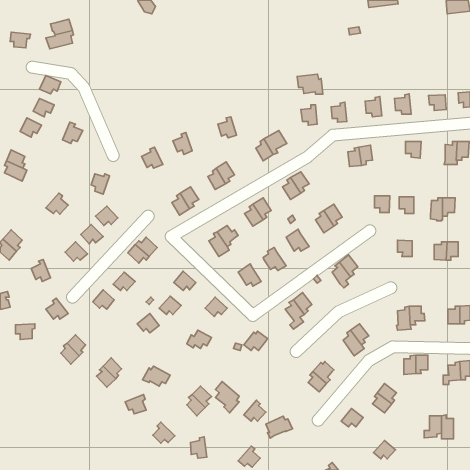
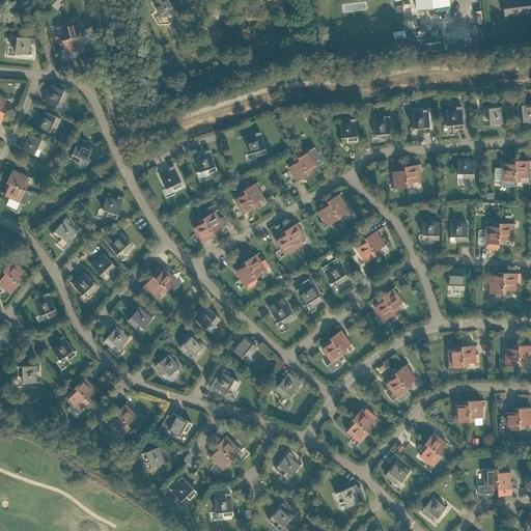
building: [297,74,323,94] -> none
building: [216,382,239,413] -> none
building: [266,416,292,438] -> [336,484,366,509]

